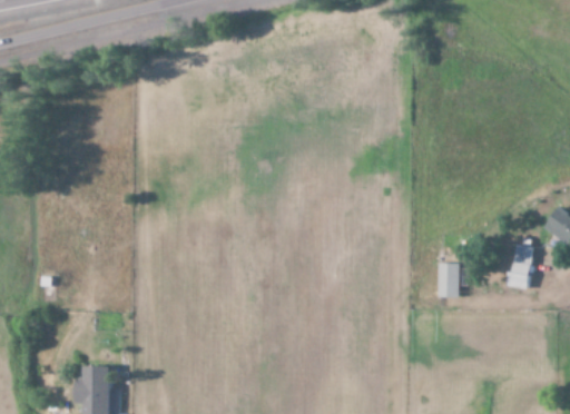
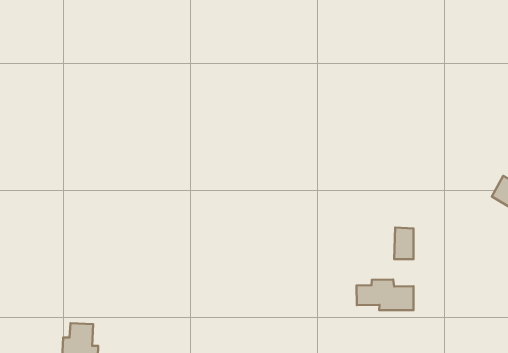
building: [509,244,533,288] -> none
building: none -> [357,279,414,310]

